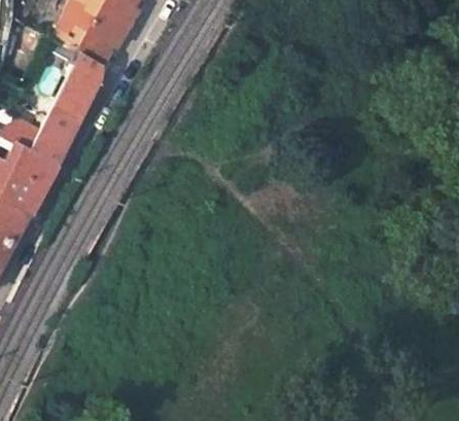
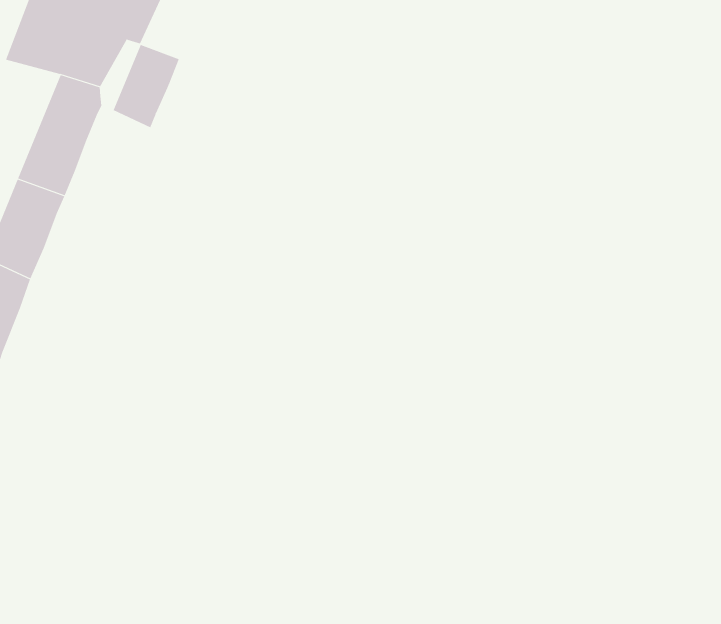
building: none -> [113,44,179,128]

